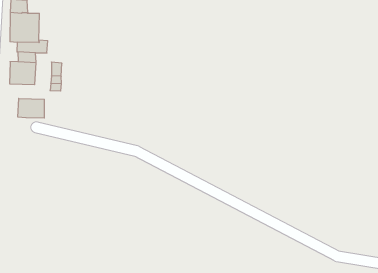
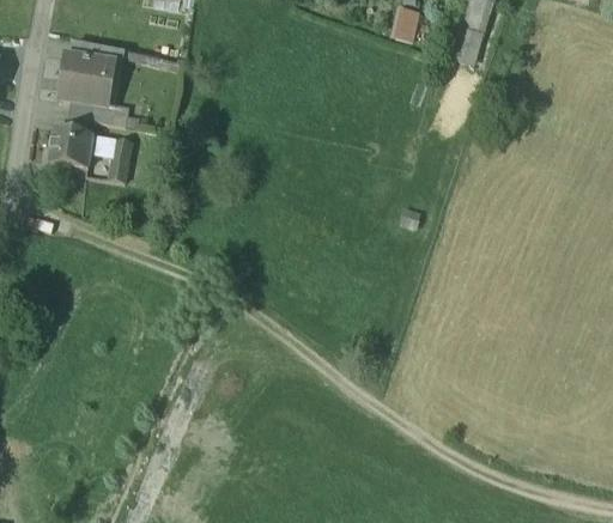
building: [18,98,44,118] -> none

